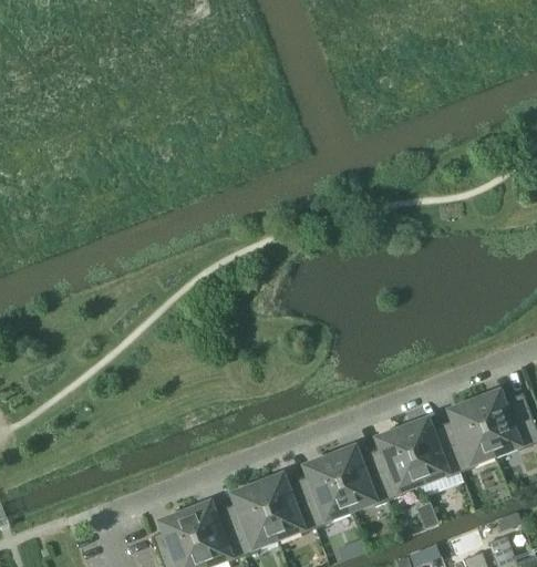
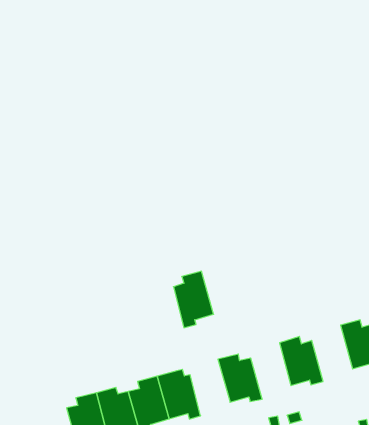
building: [440,400,493,471] -> none
building: [368,429,420,499] -> none
building: [296,456,348,527] -> [173,271,214,328]

